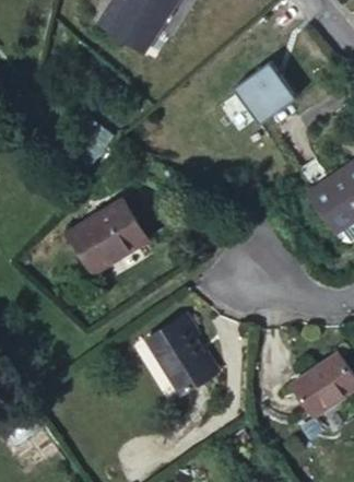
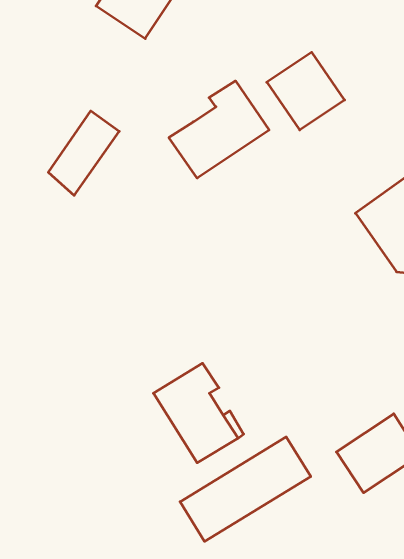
building: none -> [169,81,269,178]
building: [69,199,146,271] -> none
building: none -> [180,437,311,541]

